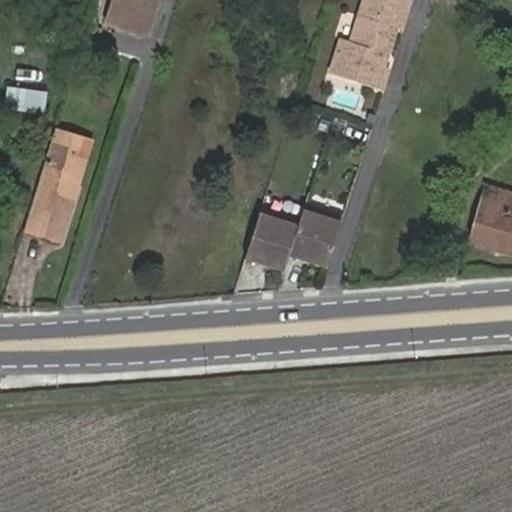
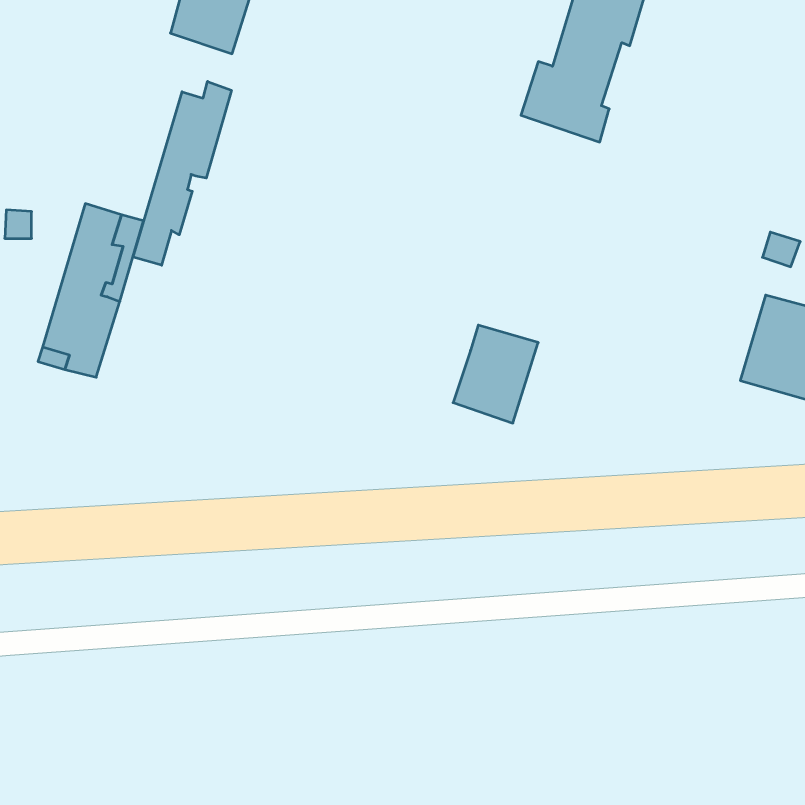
building: none -> [133,81,231,265]
building: [6,87,48,114] -> none
building: [244,209,299,271] -> none

